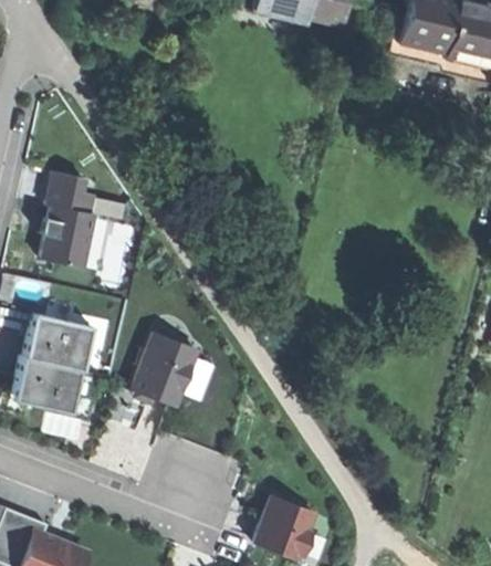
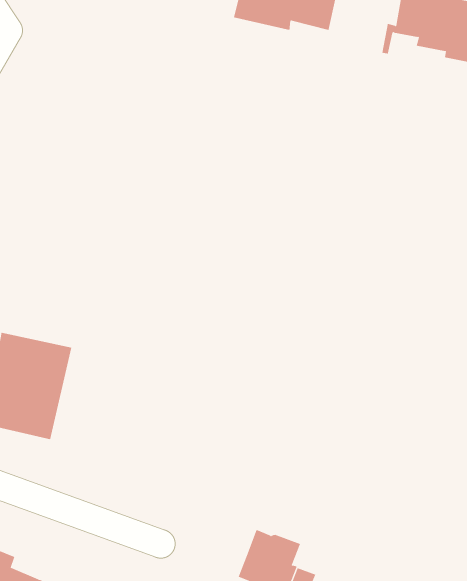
building: [38,170,92,265] -> none
building: [134,326,205,403] -> none

